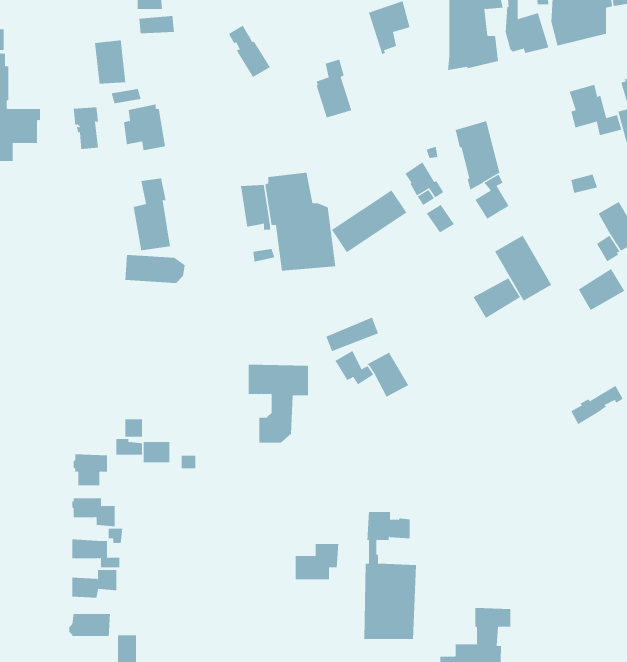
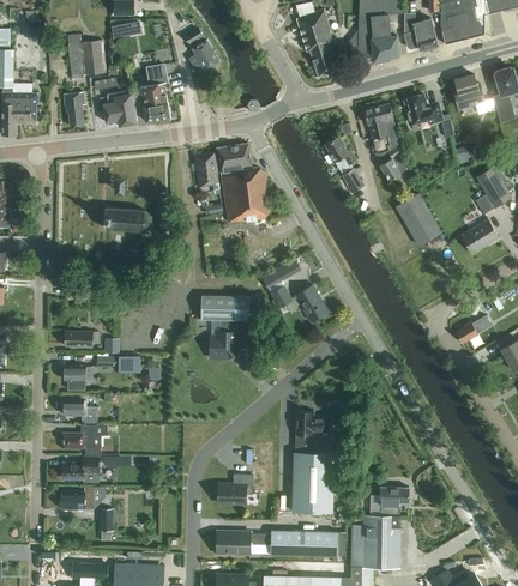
building: [316,59,352,118] -> [309,30,338,77]
building: none -> [403,93,454,138]
building: [133,178,171,251] -> [140,65,170,122]
building: [331,189,407,253] -> none
building: [473,277,521,319] -> none
building: none -> [65,331,98,348]
building: [295,543,339,580] -> [218,475,253,503]

